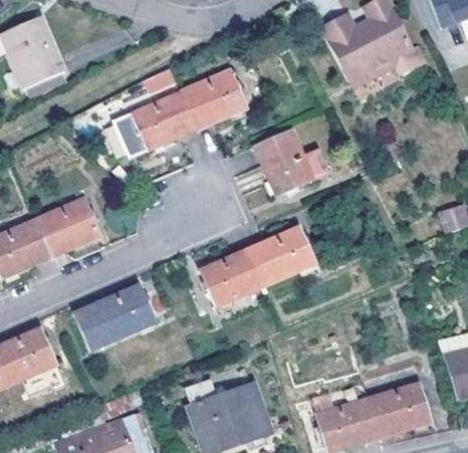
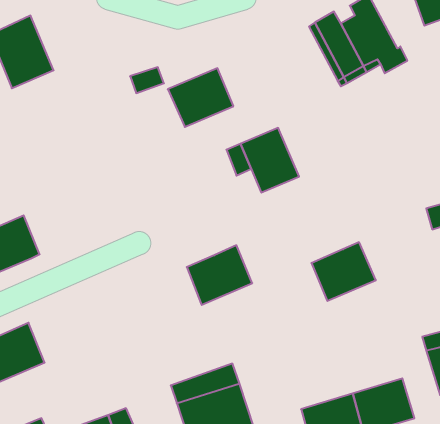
building: [112,90,198,158] -> none
building: [35,198,99,257] -> none
building: [250,227,315,286] -> [311,242,376,301]
building: [74,284,156,352] -> none

